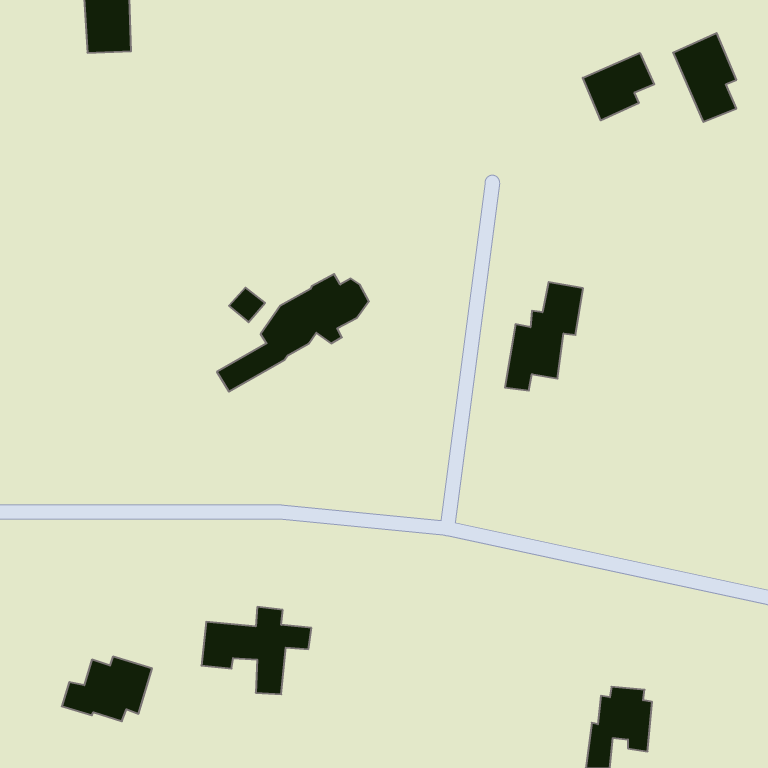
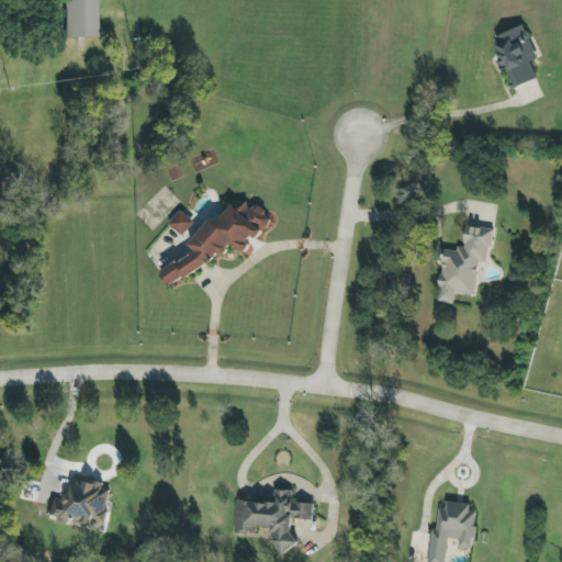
building: [583,53,654,120] -> none
building: [505,282,583,391] -> [436,224,493,303]
building: [201,607,311,694] -> [234,487,314,551]

